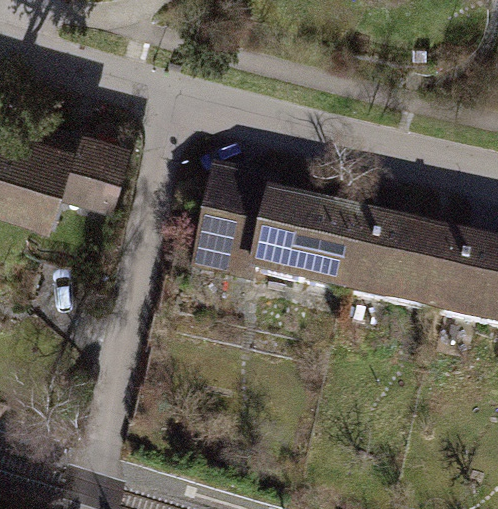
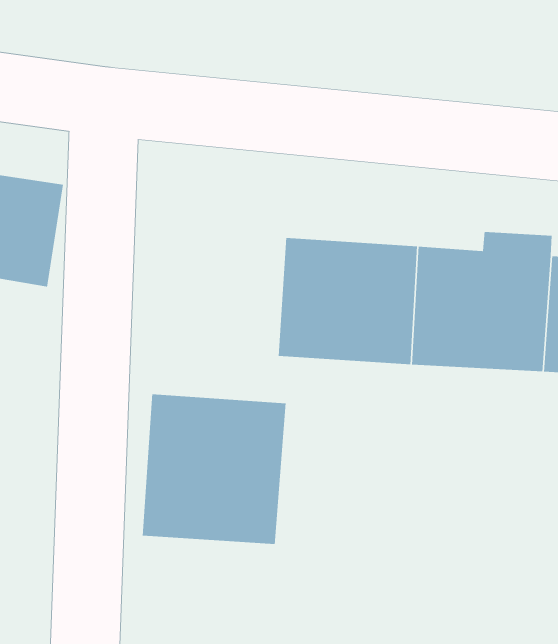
building: [197,155,288,275] -> none
building: none -> [142,394,286,545]

